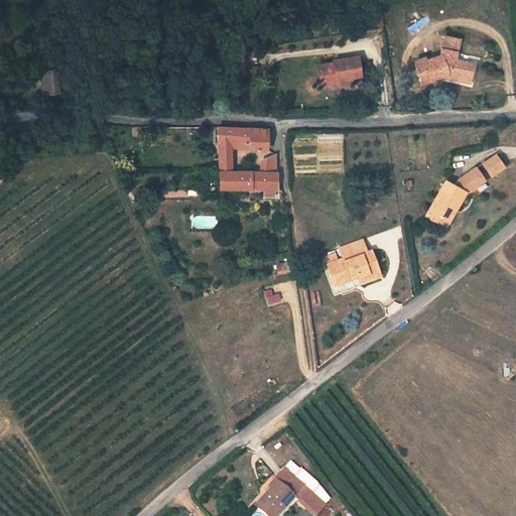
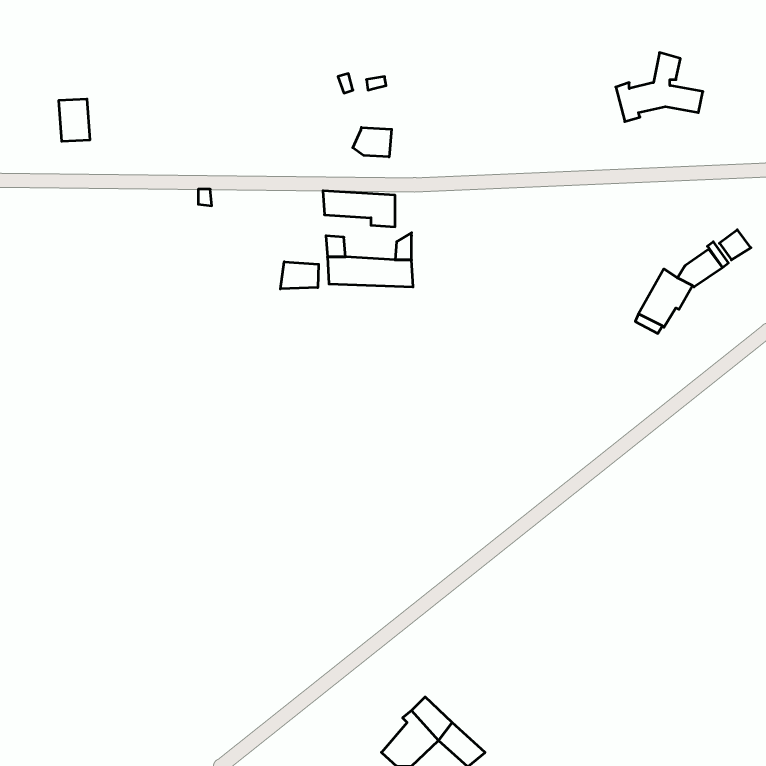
building: [319,56,361,85] -> none
building: none -> [353,127,392,157]
building: none -> [280,262,319,289]
building: [327,246,378,289] -> none

